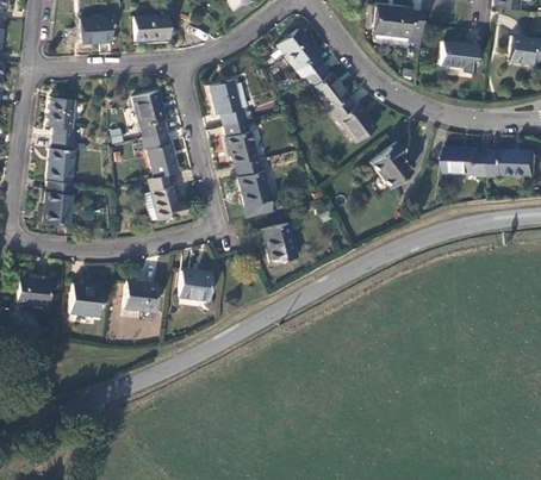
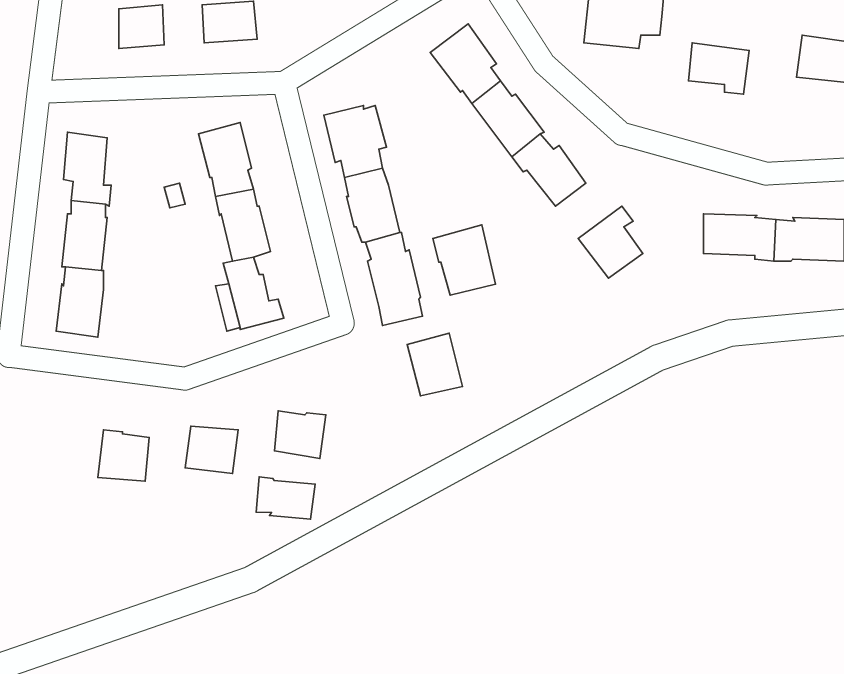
building: none -> [433,225,496,295]
building: [15,278,48,306] -> none
building: none -> [256,477,315,519]

